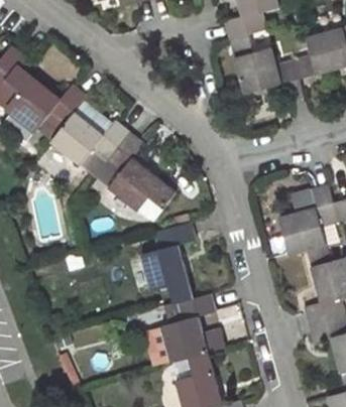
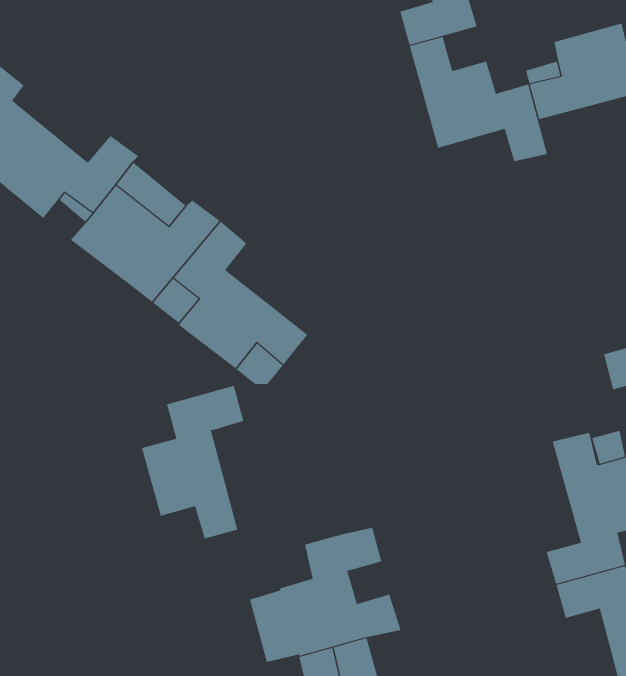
building: [278,184,338,254] -> none
building: [141,222,196,303] -> [141,385,244,539]

